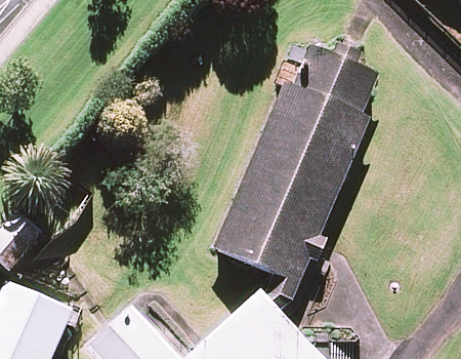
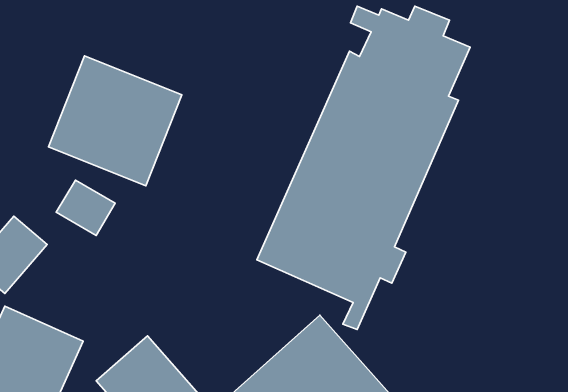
building: none -> [49,56,182,186]

